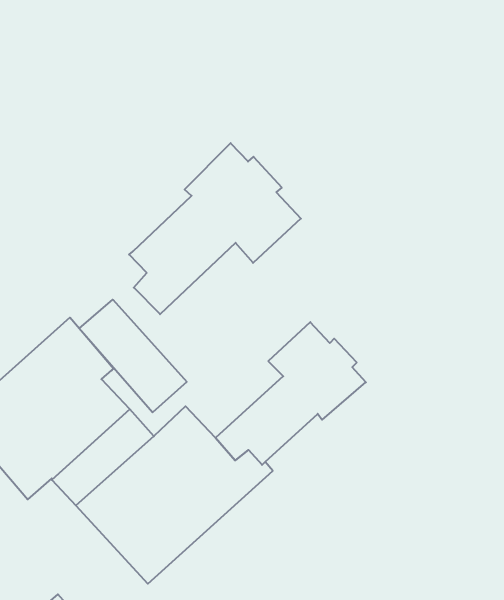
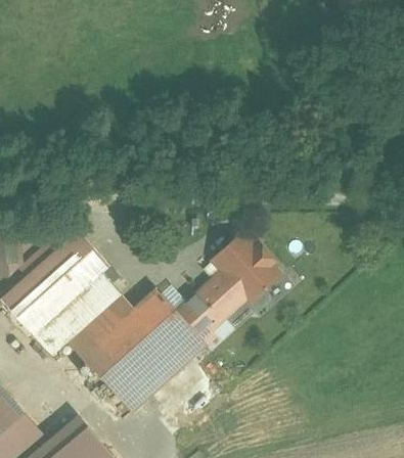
building: [129,143,301,314] -> none
building: [79,300,187,412] -> none

